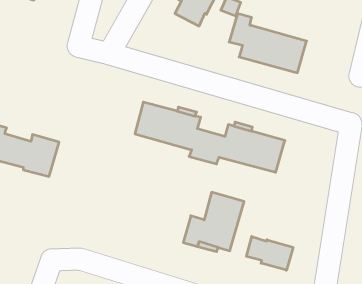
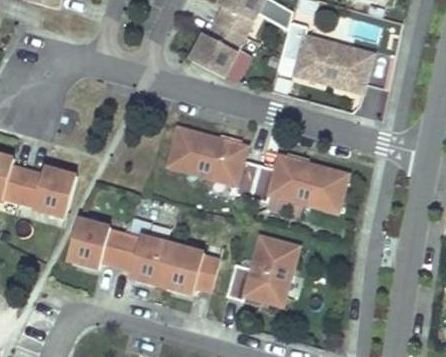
building: none -> [191,21,245,77]
building: none -> [67,217,220,293]
building: [246,236,293,270] -> none

